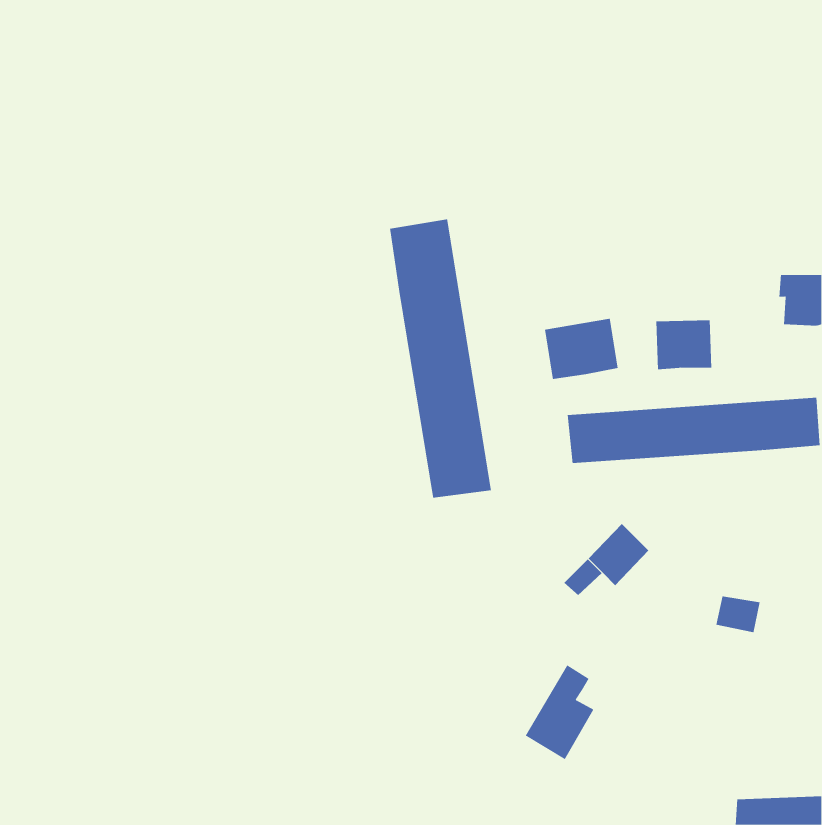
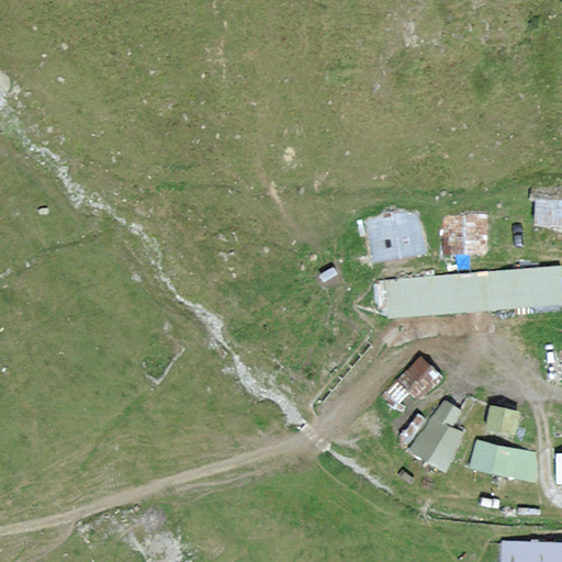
building: [389,219,491,499] -> none
building: none -> [472,442,532,480]
building: [525,664,594,760] -> [415,400,462,464]

